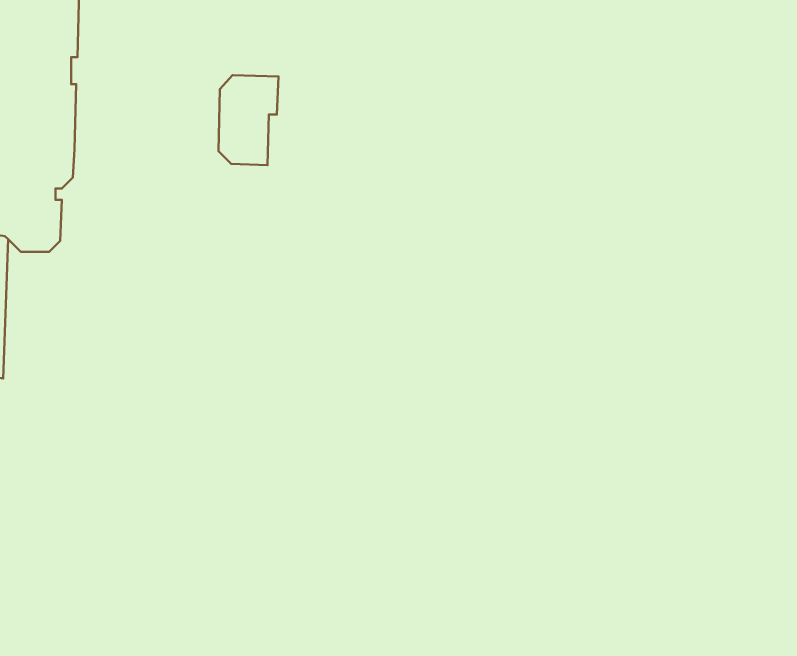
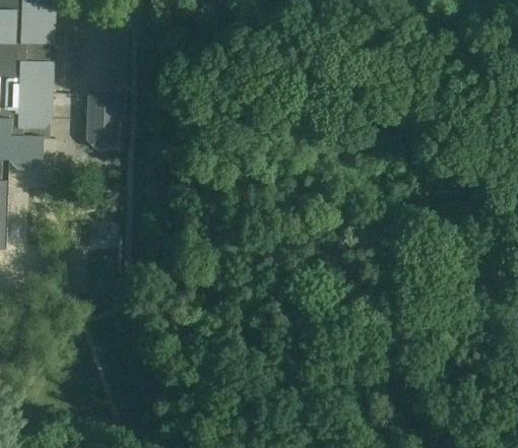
building: [218,75,278,165] -> [84,86,123,144]

